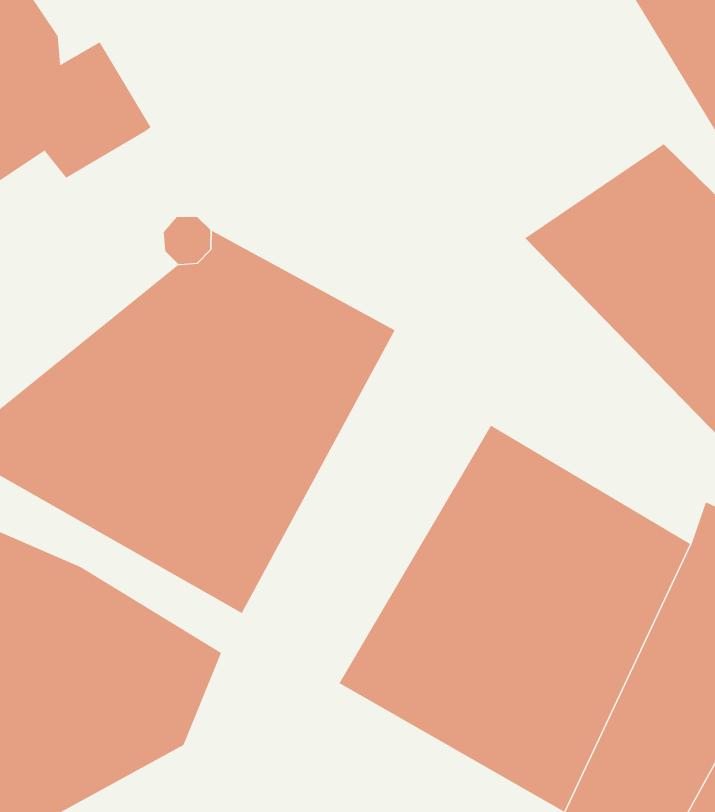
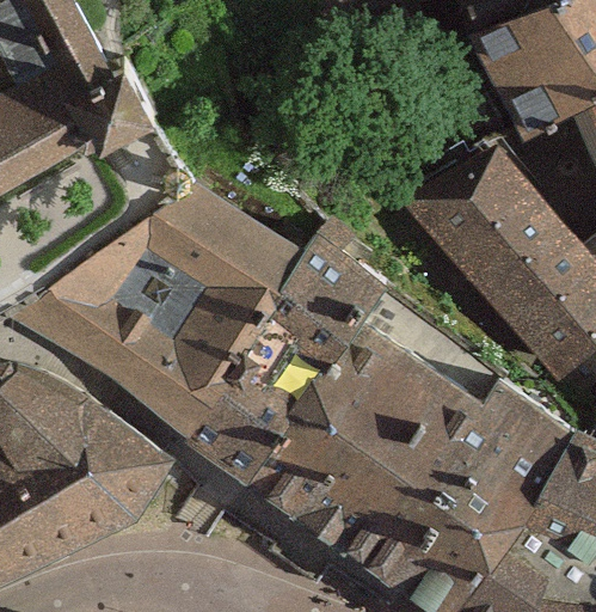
building: none -> [202,238,407,495]

